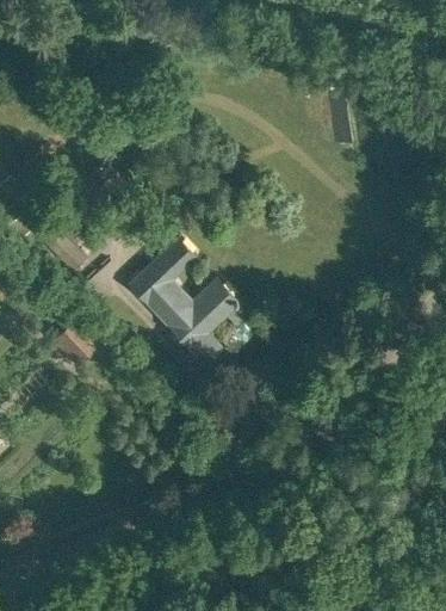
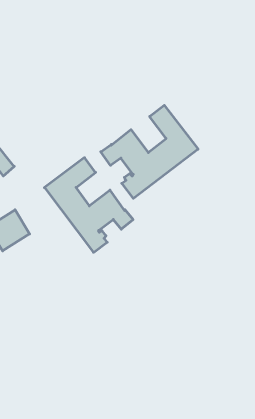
building: none -> [101,105,198,198]

